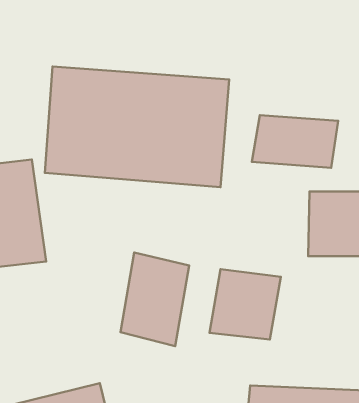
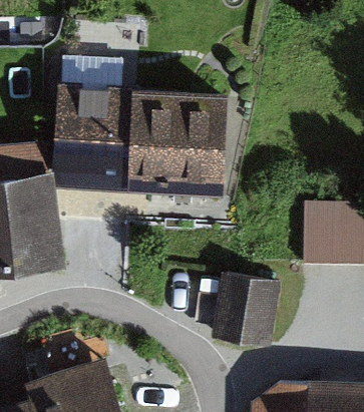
building: [252,115,338,168] -> none
building: [120,252,189,346] -> none

